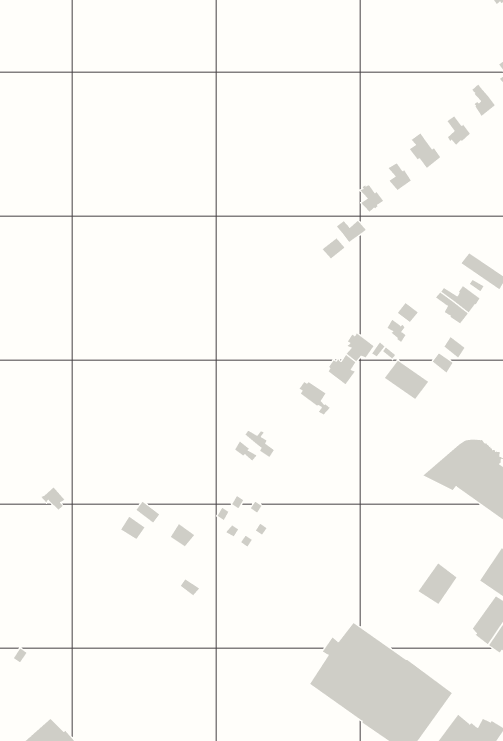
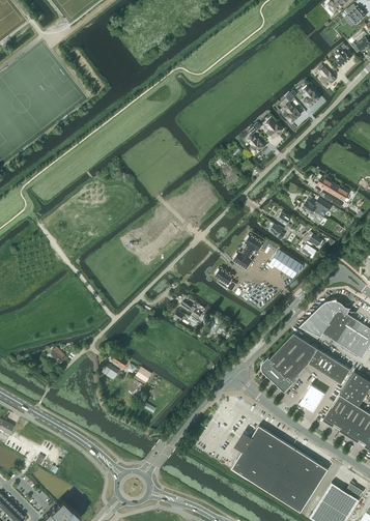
building: none -> [261,334,350,392]
building: none -> [323,395,352,426]

